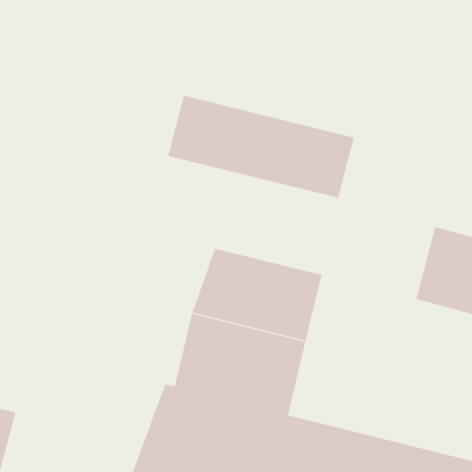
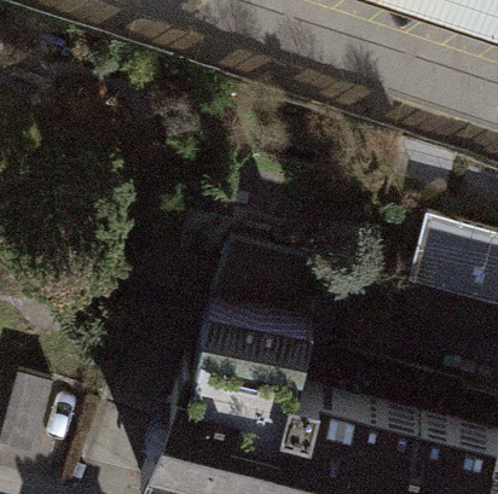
building: [168,95,354,199] -> none

